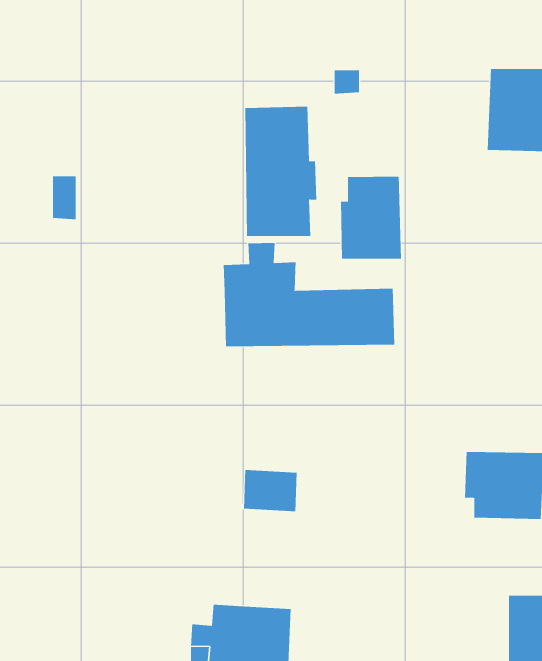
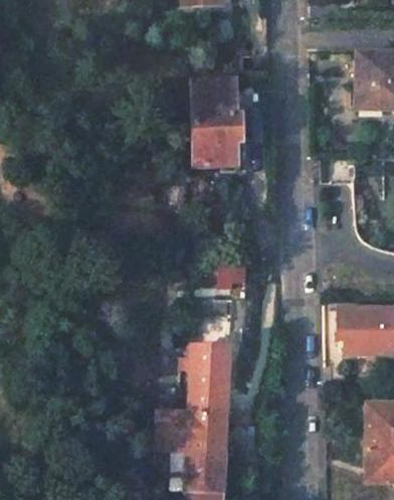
building: [340,176,401,259] -> none
building: [223,242,395,347] -> none
building: none -> [189,347,227,413]

